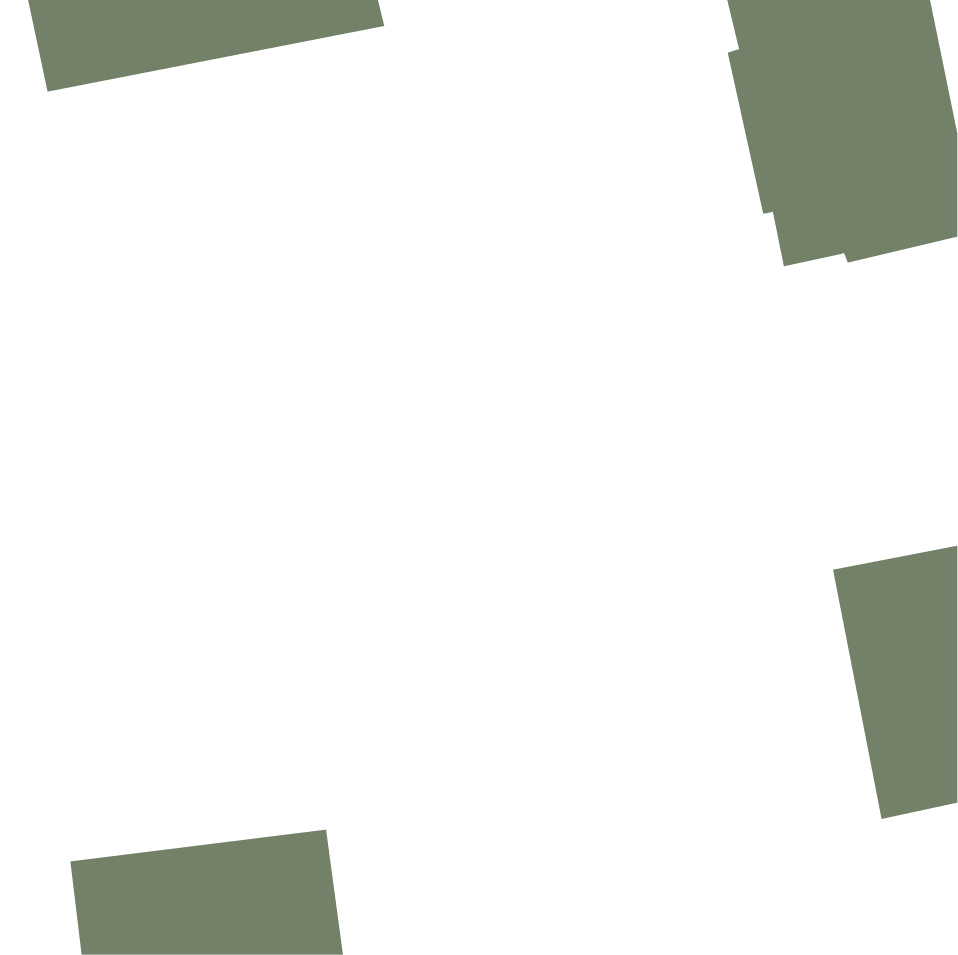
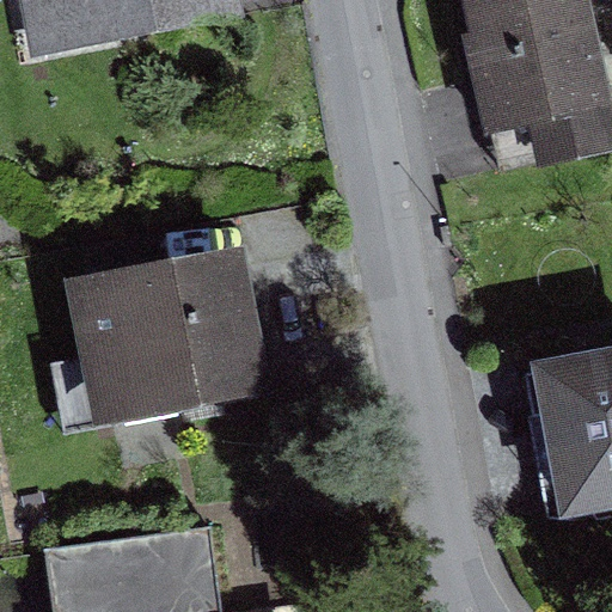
building: none -> [65,245,273,428]

